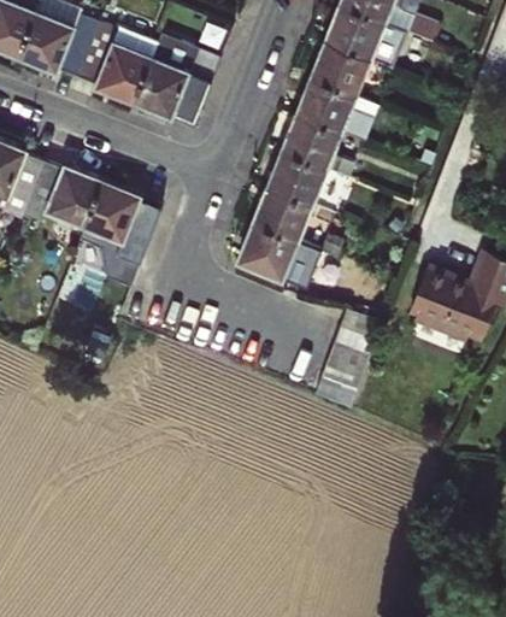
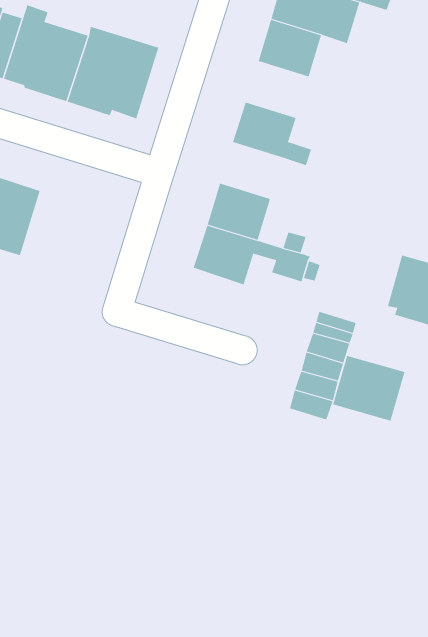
building: [295,78,355,133] -> none
building: [266,151,326,205] -> none
building: [80,182,163,264] -> none
building: none -> [332,355,405,421]

